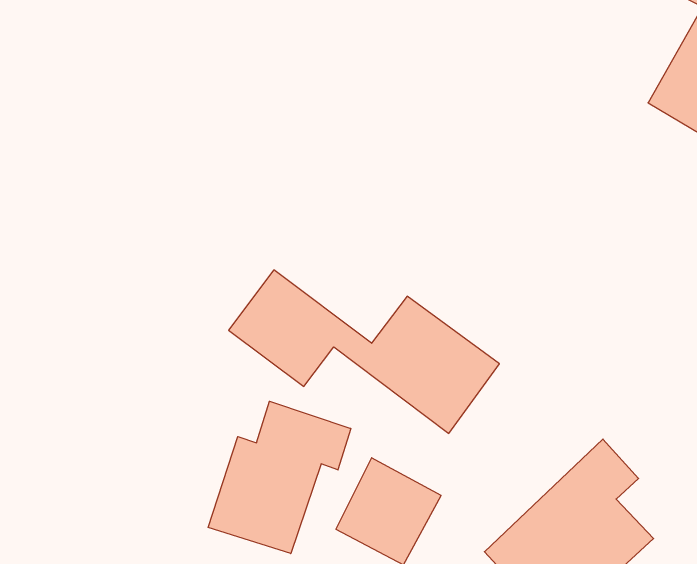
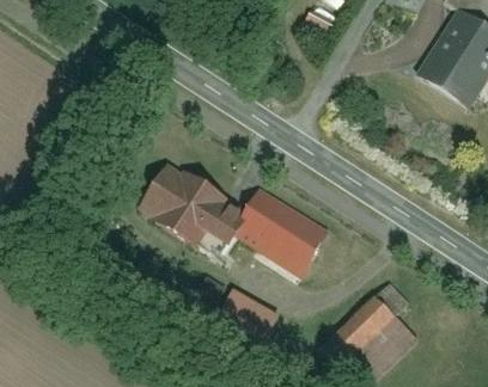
building: [208,401,351,554] -> none

